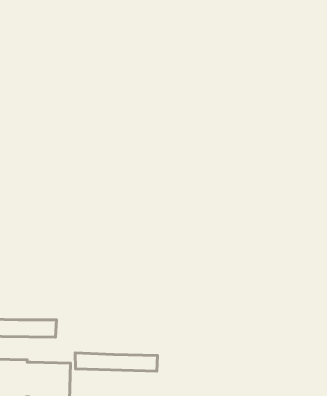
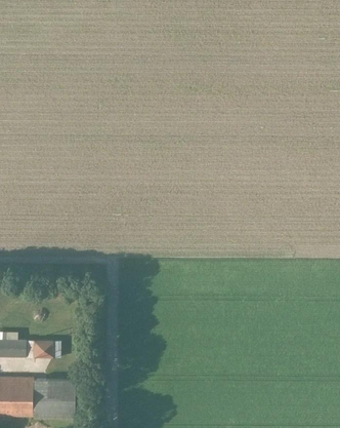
building: [75,353,157,371] -> none

